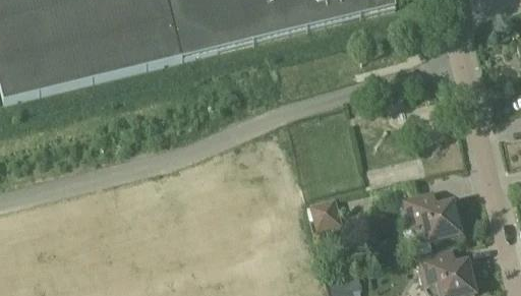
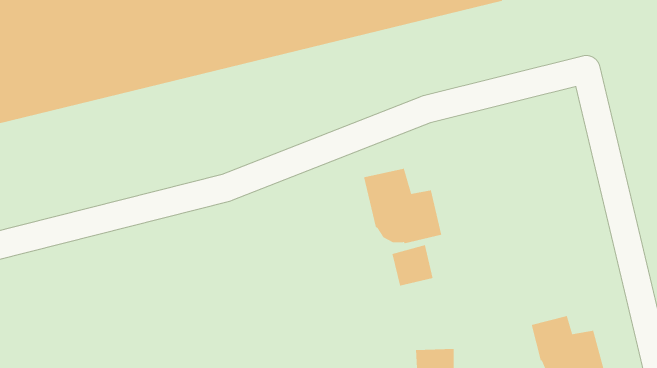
building: none -> [363,168,442,244]
building: [403,187,460,237] -> none

